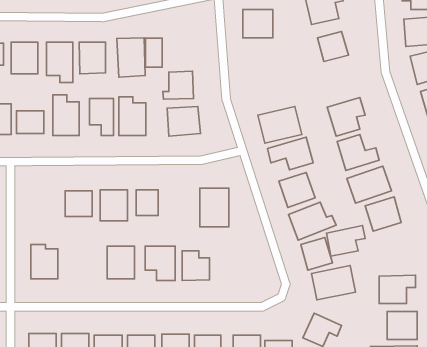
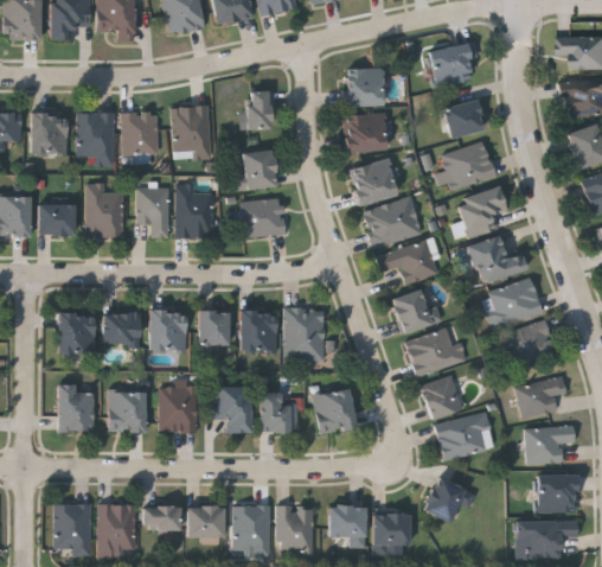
building: [145,38,162,67] -> [246,90,269,129]
building: none -> [345,113,388,152]
building: none -> [442,140,497,190]
building: none -> [350,159,397,205]
building: none -> [239,311,276,352]
building: none -> [58,313,95,355]
building: [326,225,365,256] -> [515,376,568,418]
building: none -> [313,387,357,434]
building: none -> [109,390,146,431]

